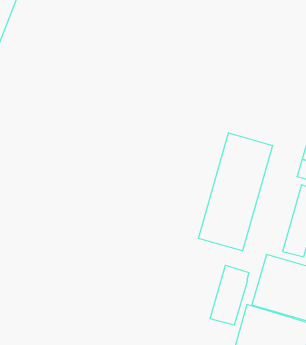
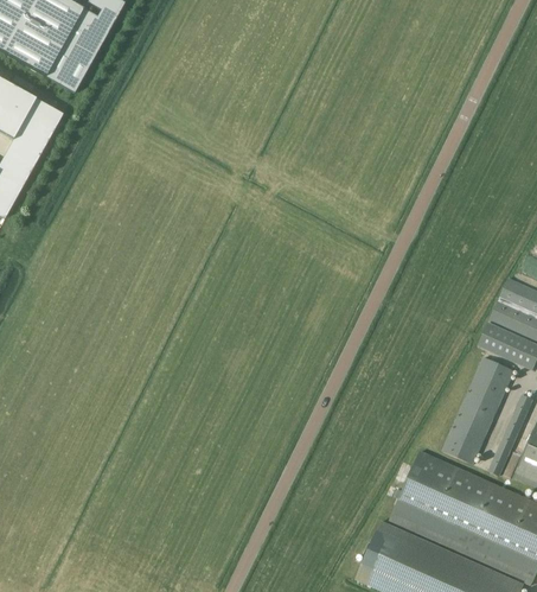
building: [198,133,273,251] -> none
building: [210,265,249,325] -> none

